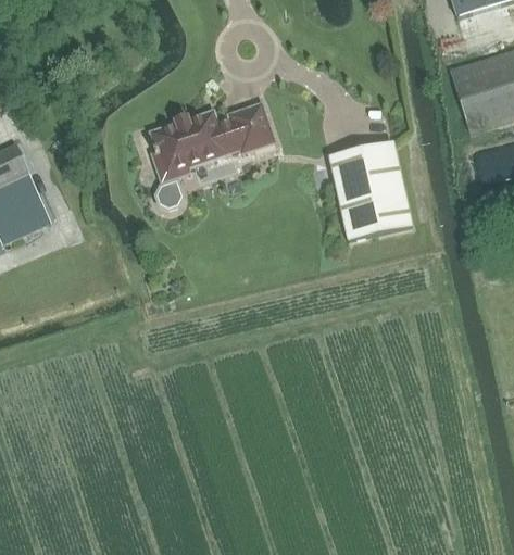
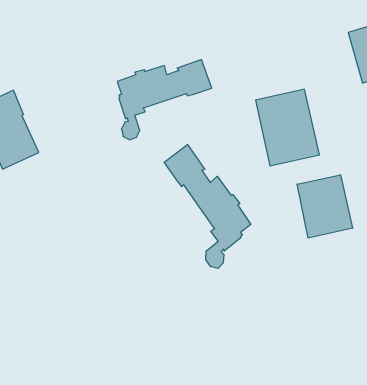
building: none -> [164,144,251,268]
building: none -> [297,175,353,238]

